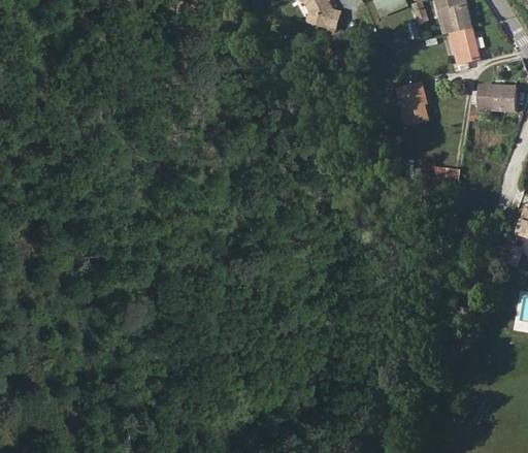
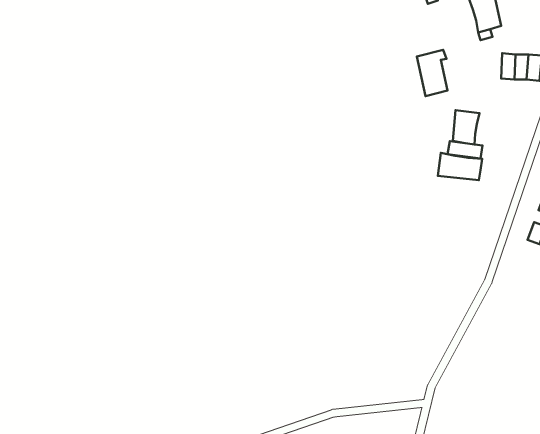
building: none -> [453,110,479,144]
building: none -> [438,153,482,180]

